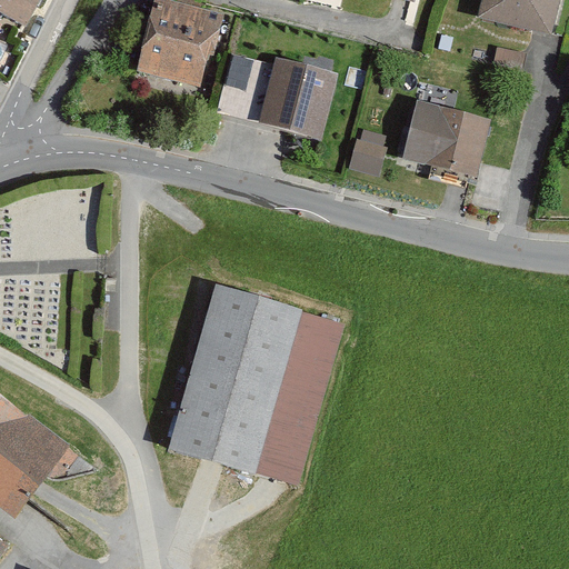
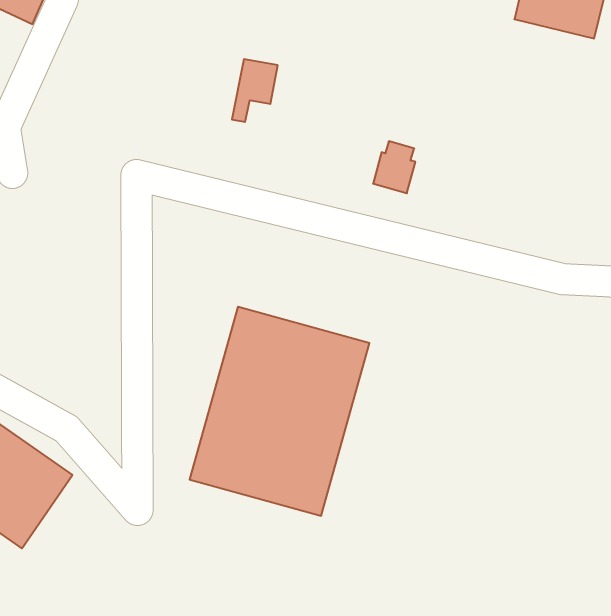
building: [141,4,221,83] -> none
building: [253,60,333,143] -> none
building: [397,104,486,181] -> none

